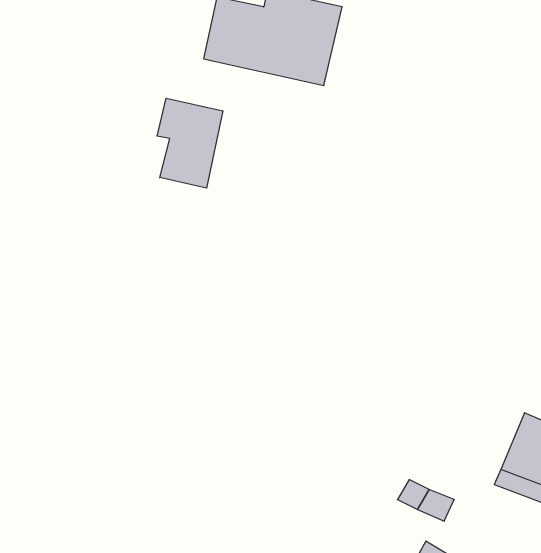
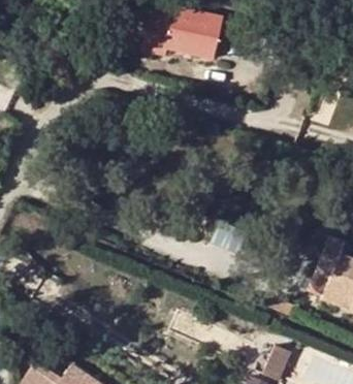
building: [157,98,223,188] -> none

